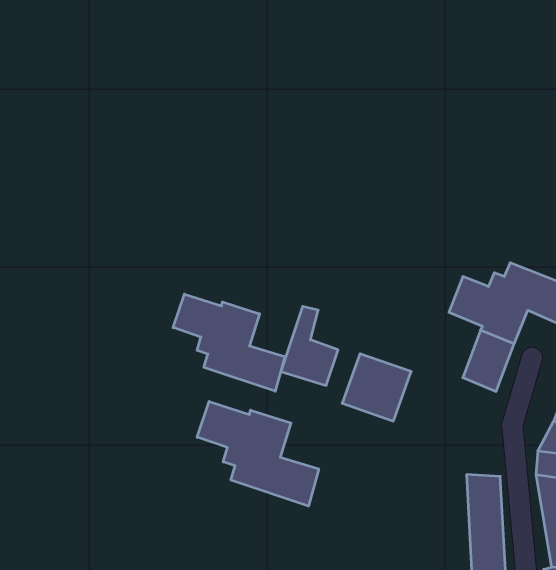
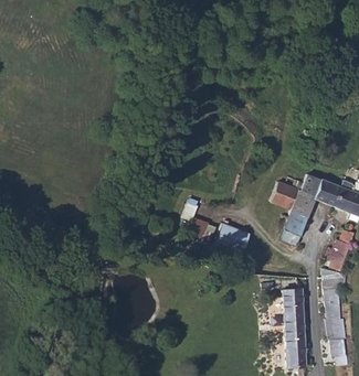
building: [173,294,285,391] -> none
building: [197,401,319,506] -> none

